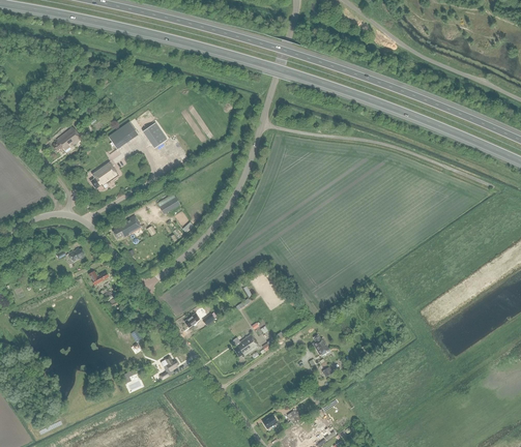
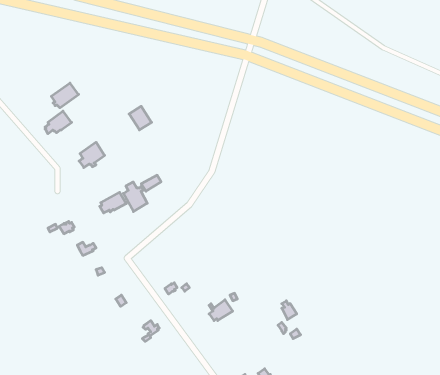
building: [108,121,138,148] -> [51,83,79,108]
building: none -> [123,182,147,212]

